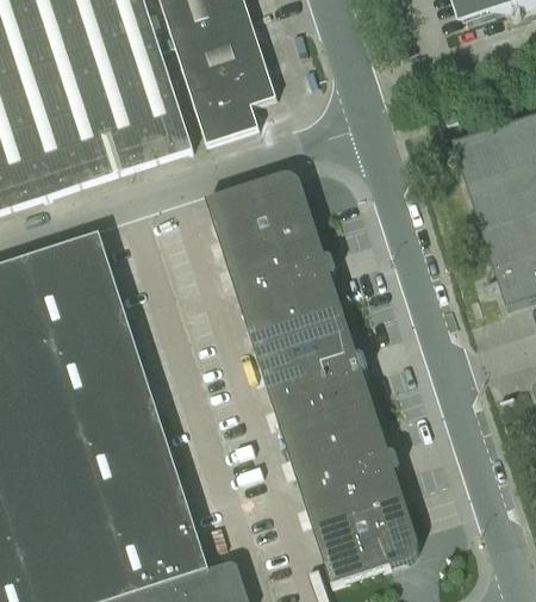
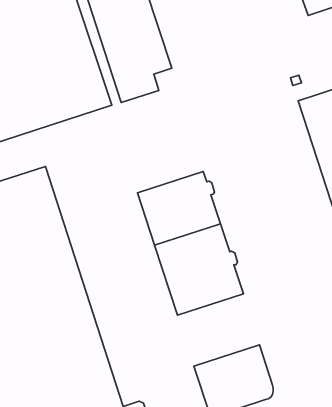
building: [206,175,320,272] -> none
building: [285,412,400,514] -> none

